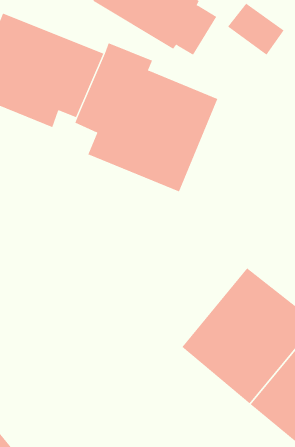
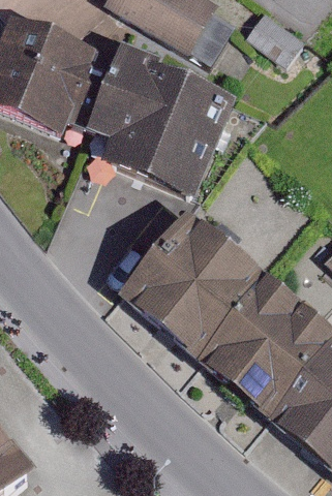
building: none -> [122,216,270,364]

